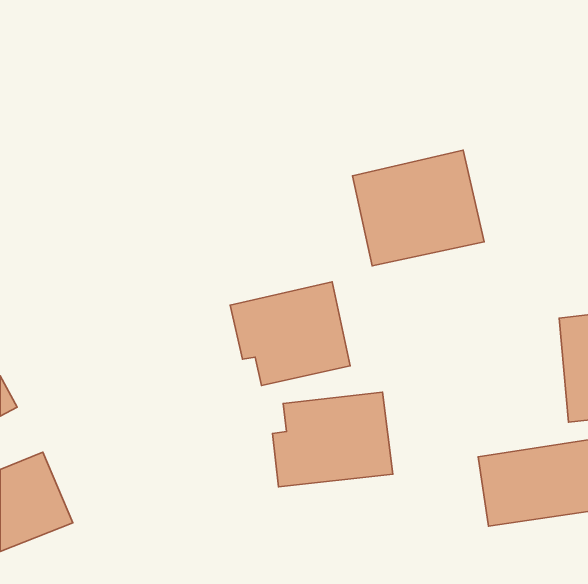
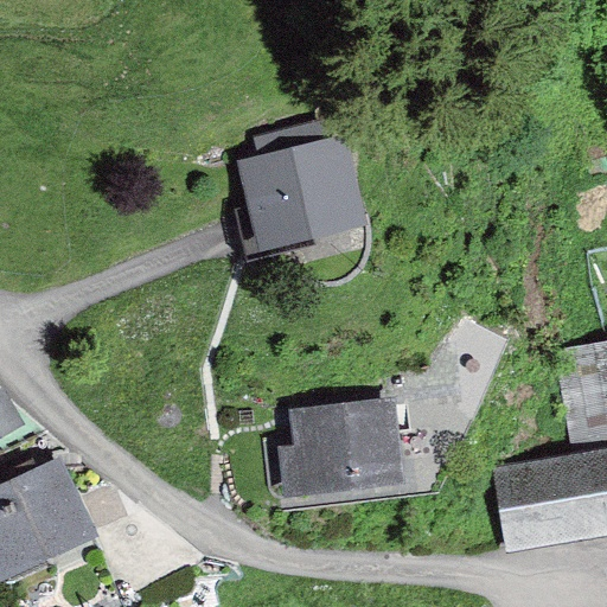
building: [352,150,484,266] -> [232,138,368,256]
building: [230,282,350,386] -> none

